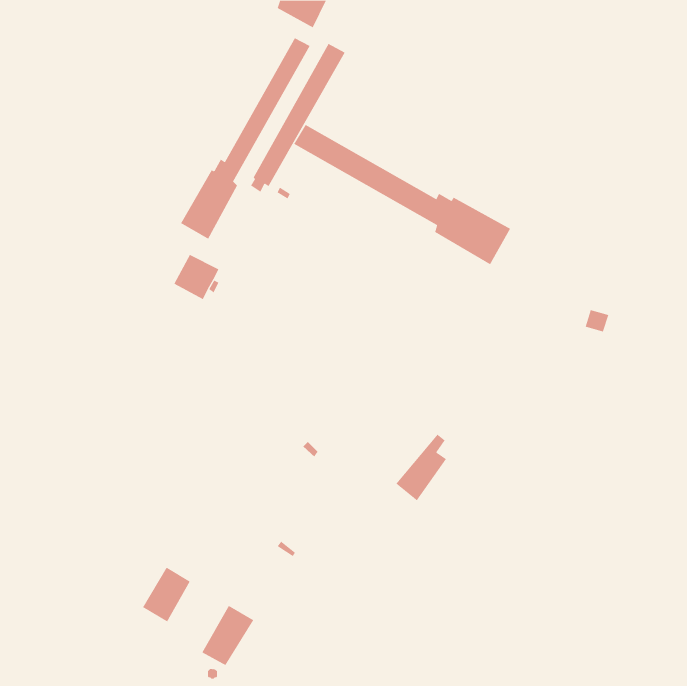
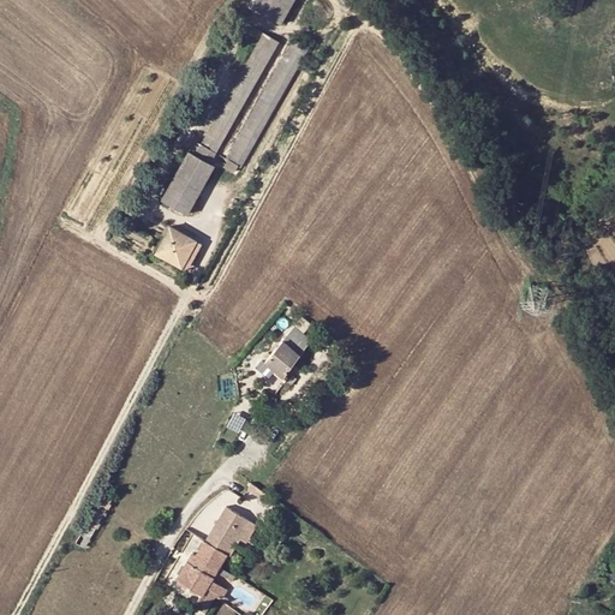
building: [293,124,511,265] -> none
building: [396,434,447,501] -> [264,318,310,378]
building: [142,567,190,622] -> [204,506,247,555]

